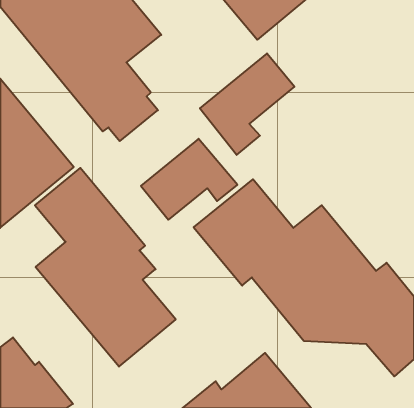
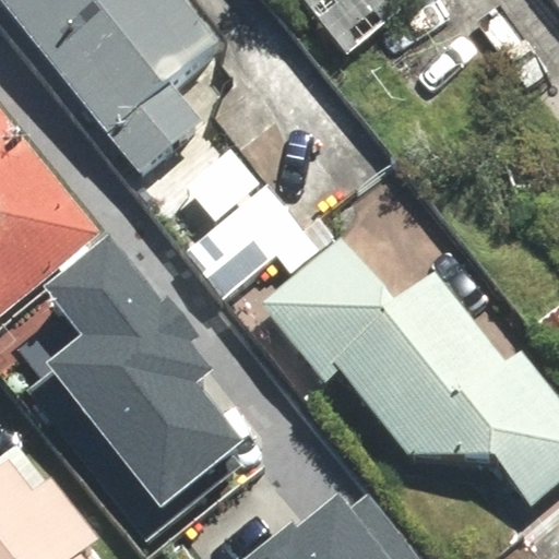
building: [200,53,294,155] -> none

